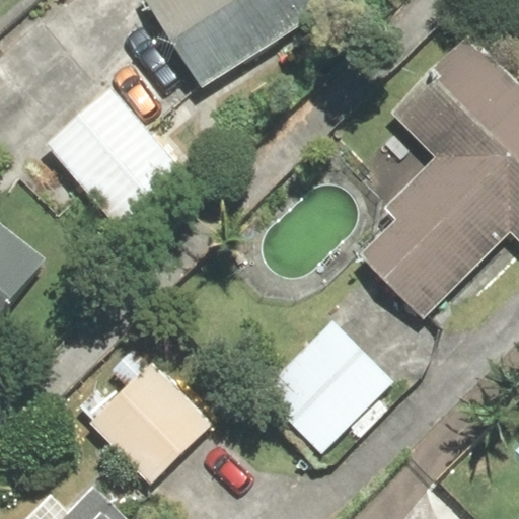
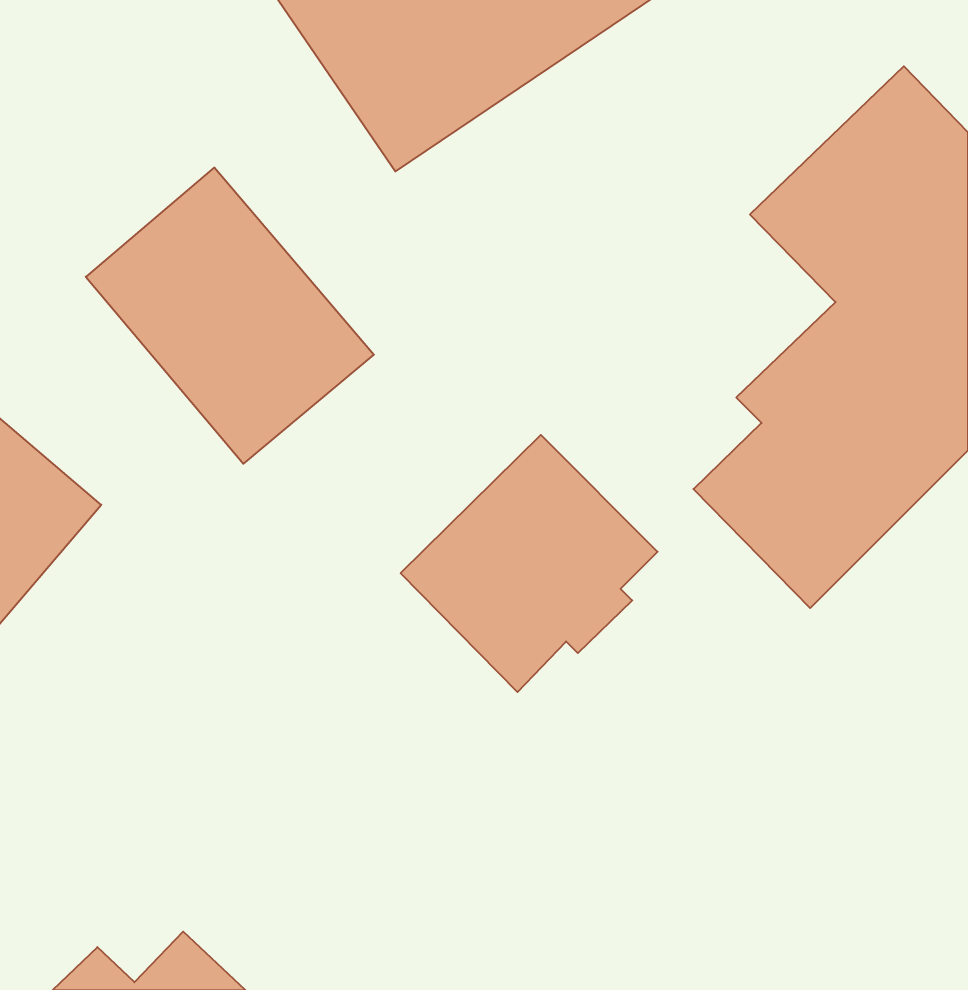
building: [258,320,392,454] -> [401,435,658,692]
building: [88,362,212,485] -> none

